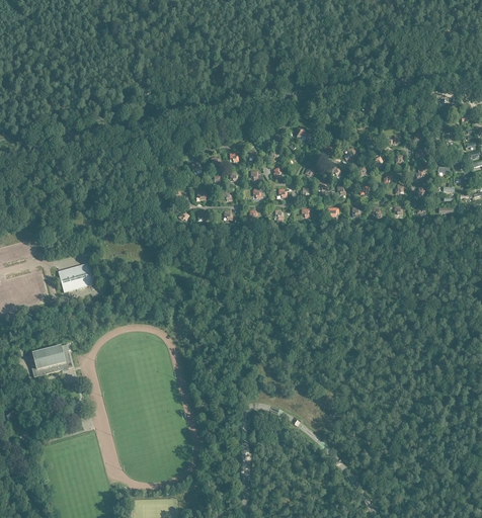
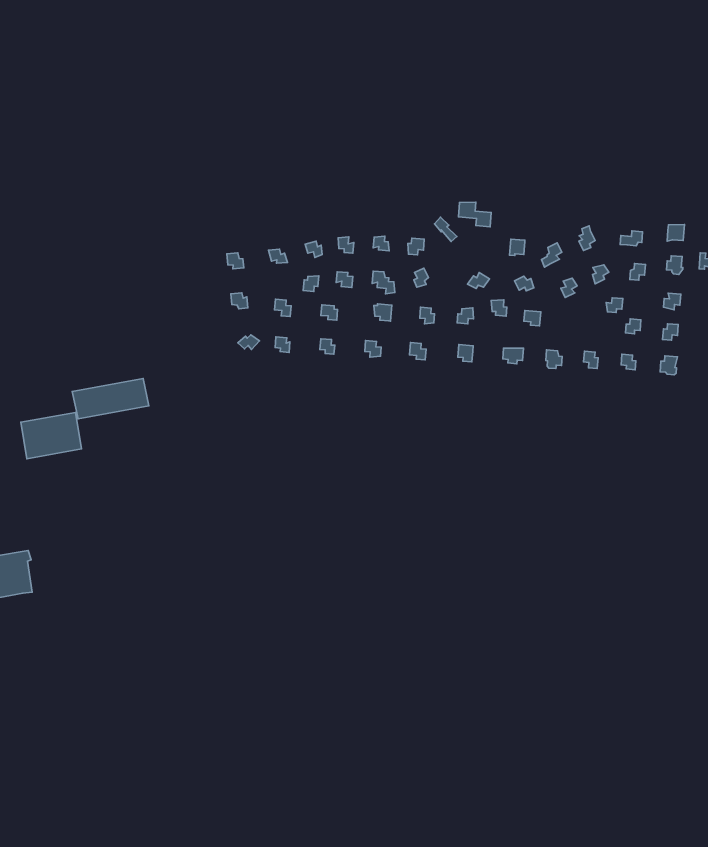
building: none -> [72,379,149,419]

